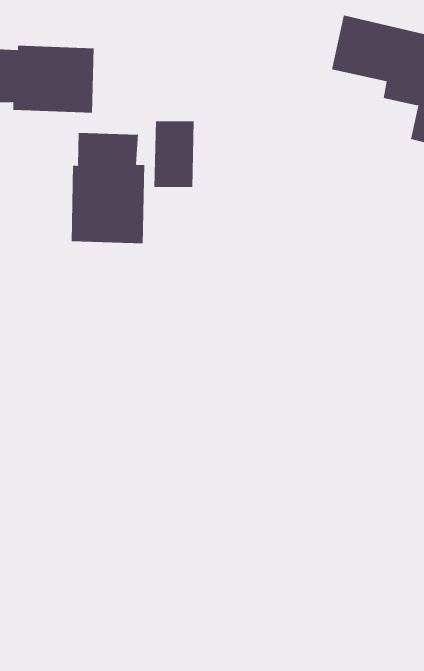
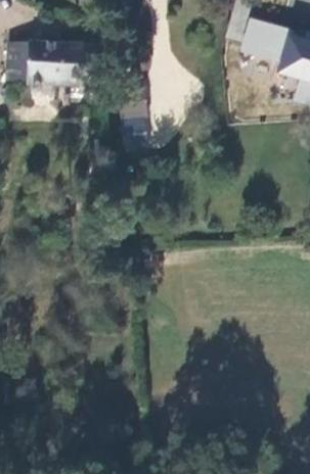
building: [71,132,145,244] -> none

